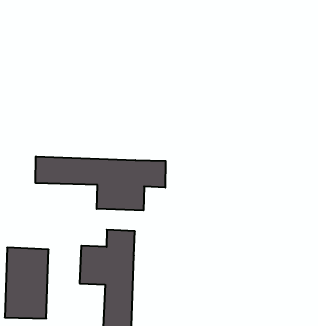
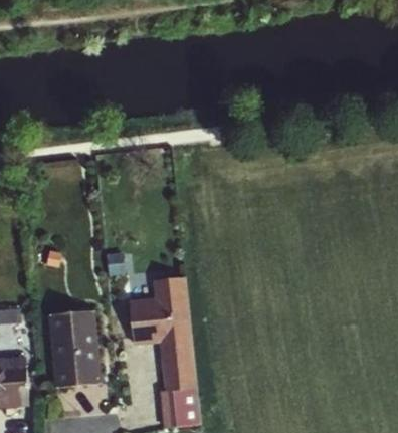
building: [36,156,166,210] -> none

